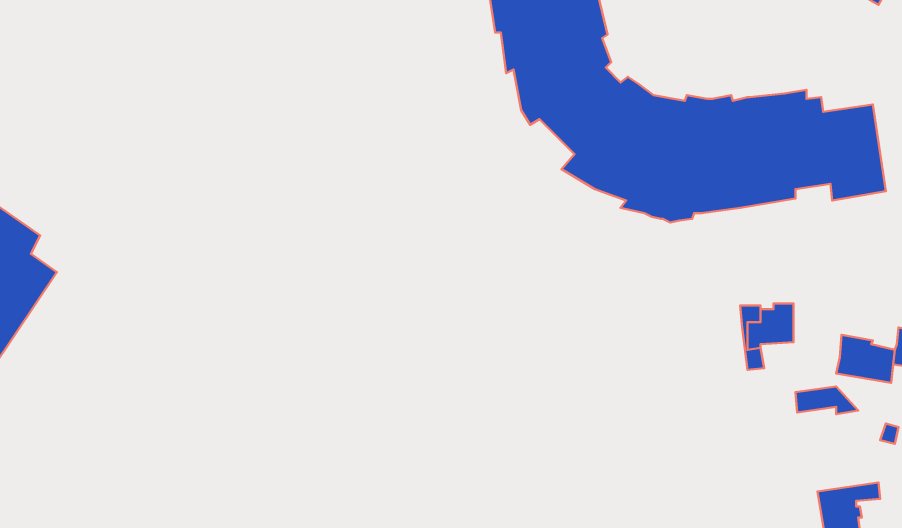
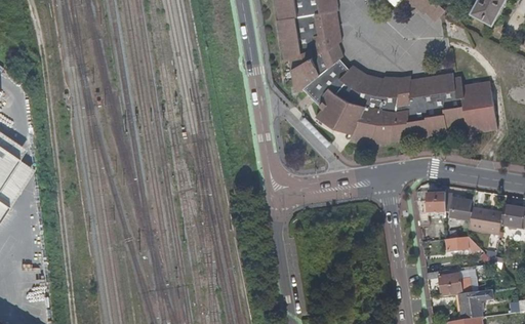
building: none -> [445,197,473,219]
building: none -> [427,271,462,295]

